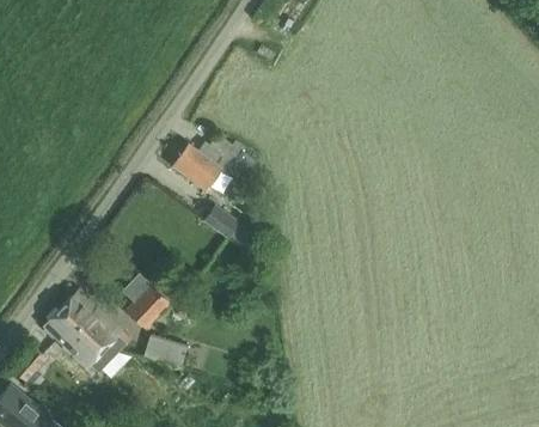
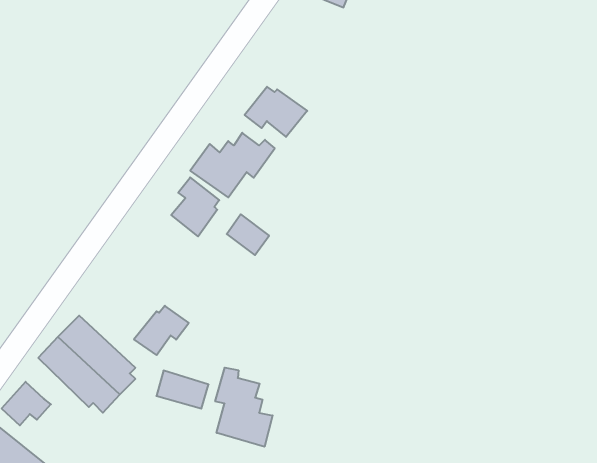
building: none -> [245,87,307,137]
building: none -> [171,177,219,236]
building: none -> [215,368,273,447]

